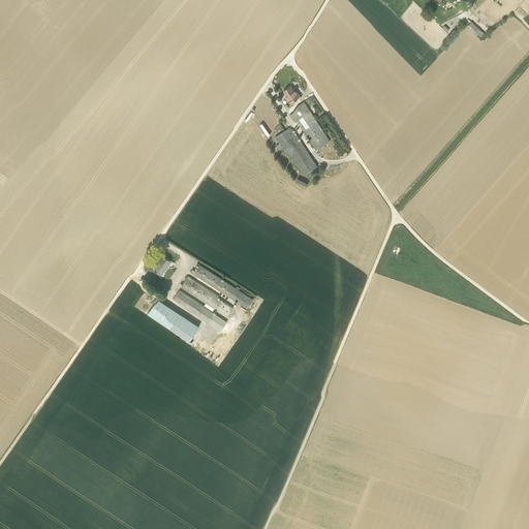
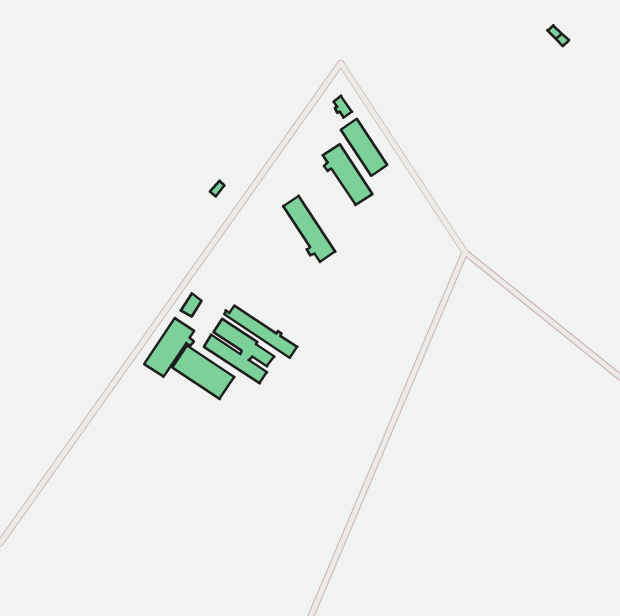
building: none -> [283,196,335,262]
building: none -> [144,318,194,377]

